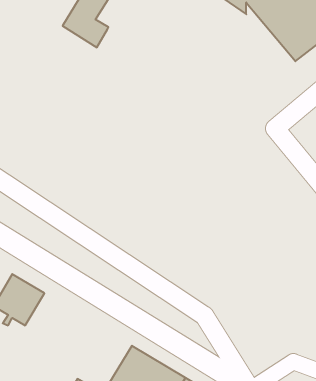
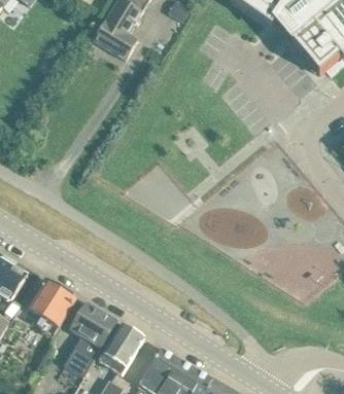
building: none -> [64,301,116,375]
building: none -> [99,322,144,373]

